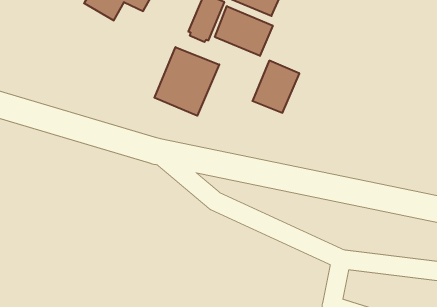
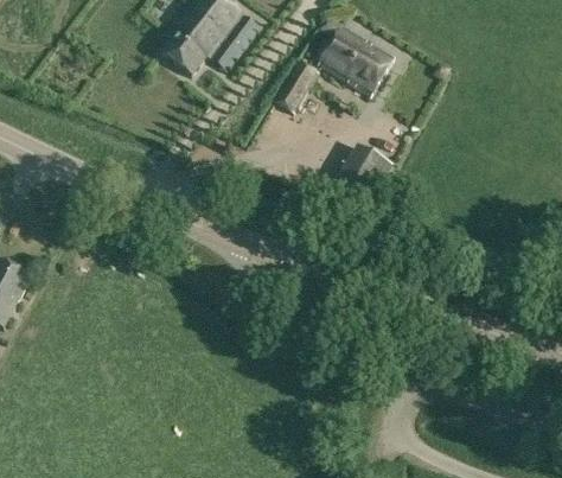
building: [215,6,273,56] -> none
building: [154,47,219,116] -> none

